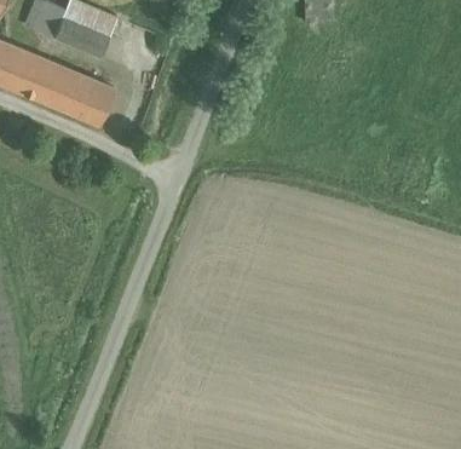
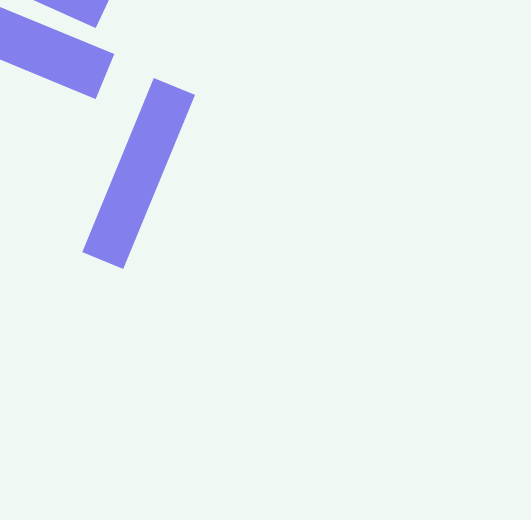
building: none -> [81,77,196,270]

